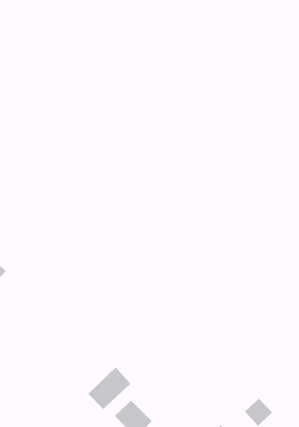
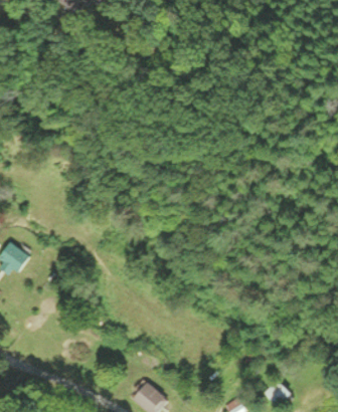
building: [87,367,131,410] -> none

